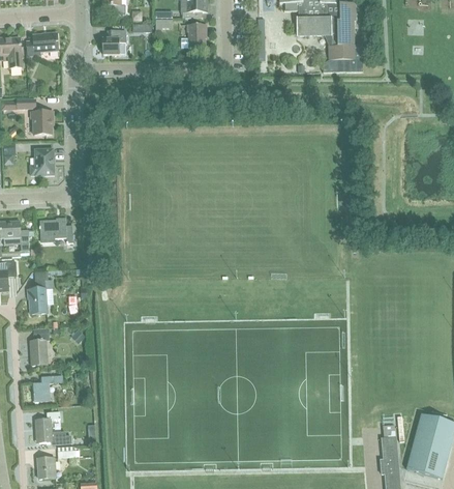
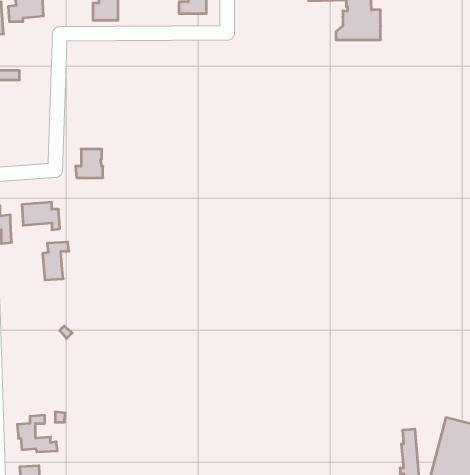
building: [30,110,52,134] -> none
building: [29,148,54,174] -> [75,149,103,178]
building: [28,279,52,313] -> [43,242,69,280]
building: [29,326,49,364] -> none
building: [32,374,62,400] -> none

